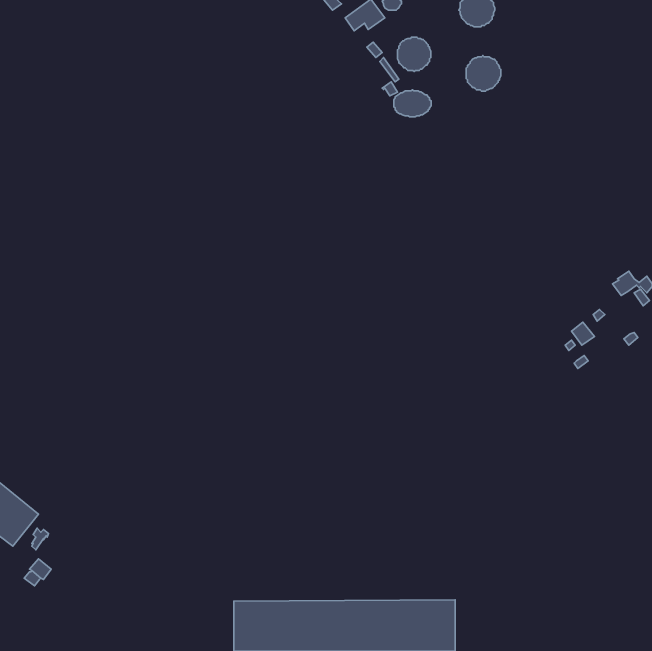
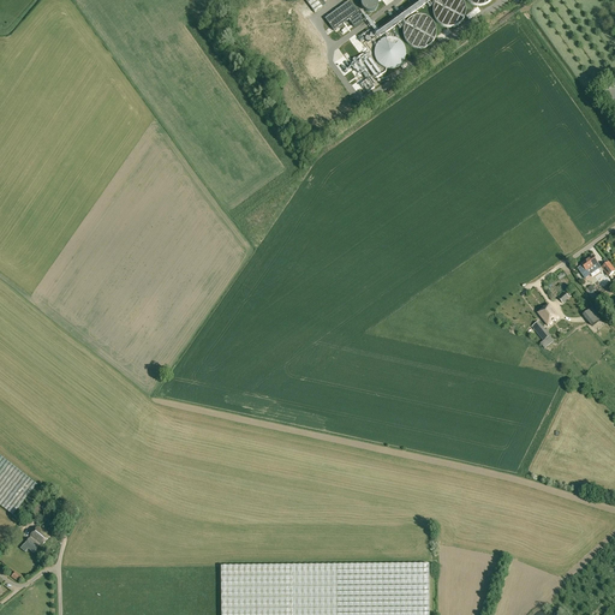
building: [466,55,501,91] -> [402,13,435,47]
building: [394,90,431,117] -> none

